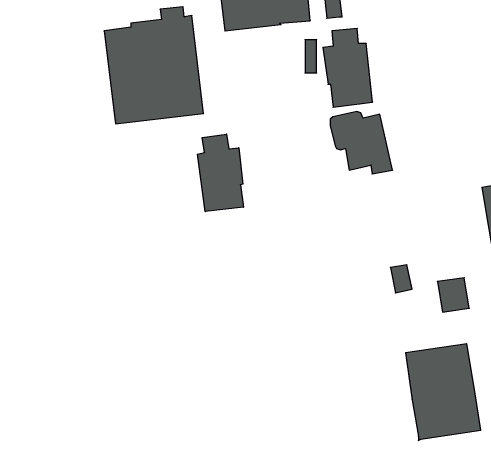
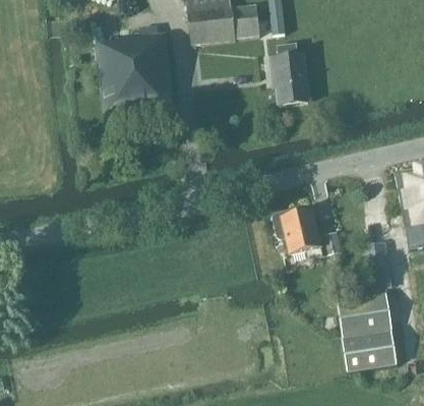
building: [330,112,393,174] -> [274,209,323,258]
building: [197,134,243,212] -> none

